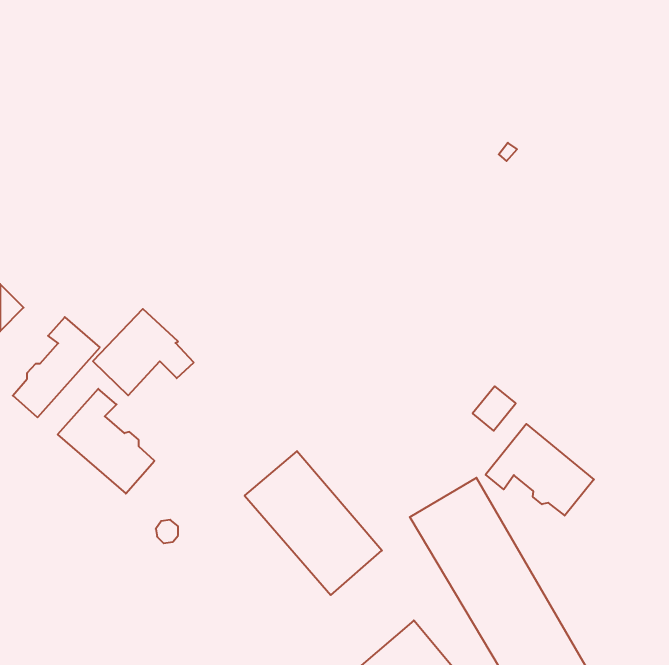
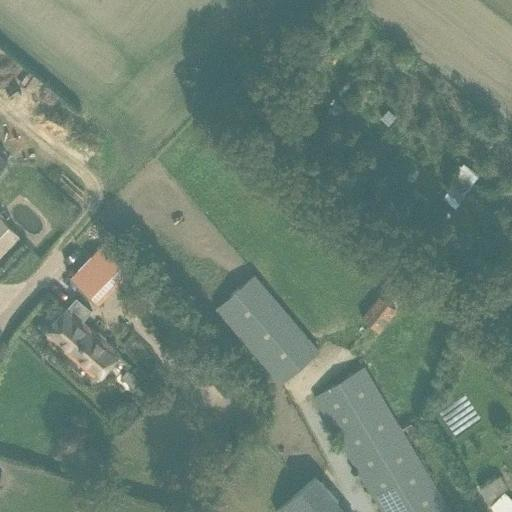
building: [13,317,100,417] -> none
building: [486,424,594,516] -> none
building: [245,451,382,595] -> [214,276,319,386]

